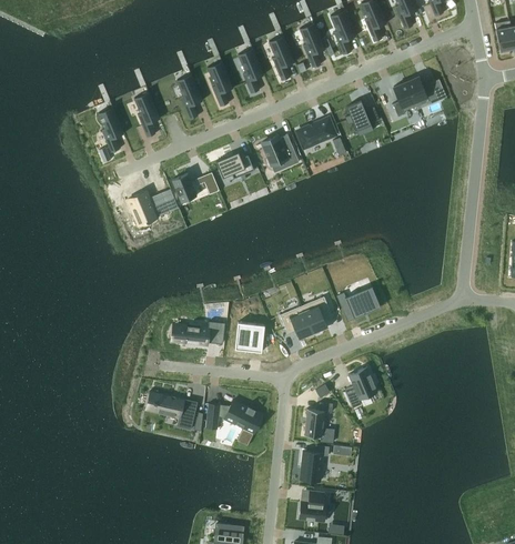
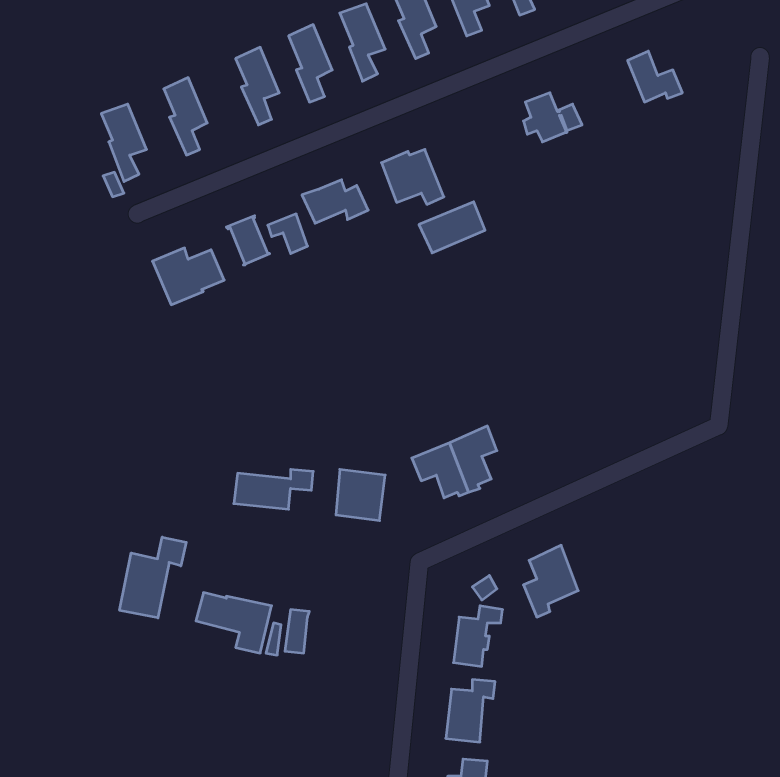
building: [393,82,416,117] -> none
building: [296,118,335,148] -> [419,202,485,253]
building: [336,286,381,319] -> none
building: none -> [120,537,186,618]
building: [224,400,263,446] -> none

